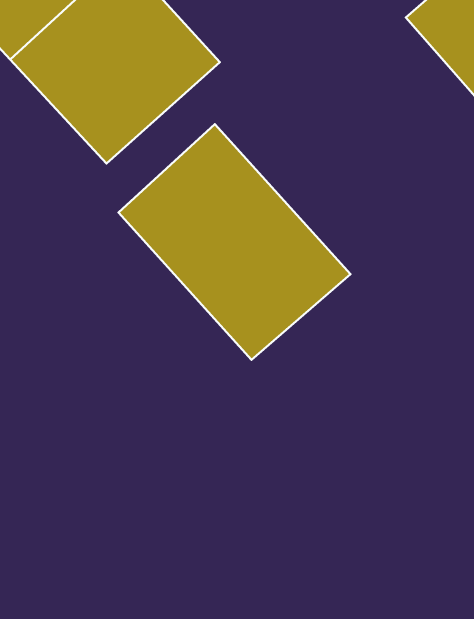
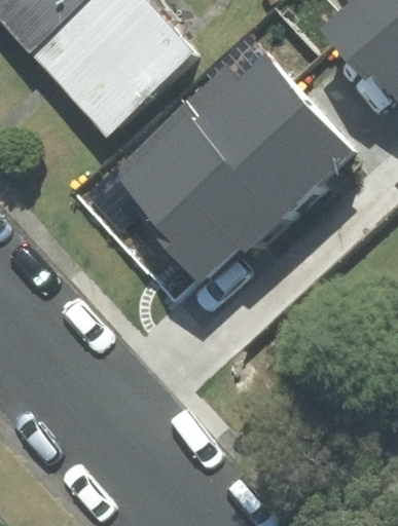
building: none -> [185,54,359,219]

